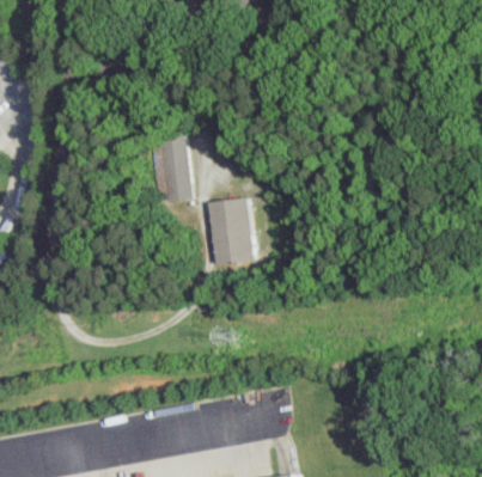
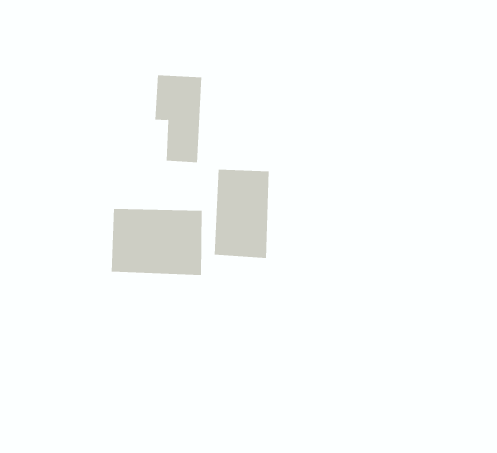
building: none -> [111,208,202,276]

